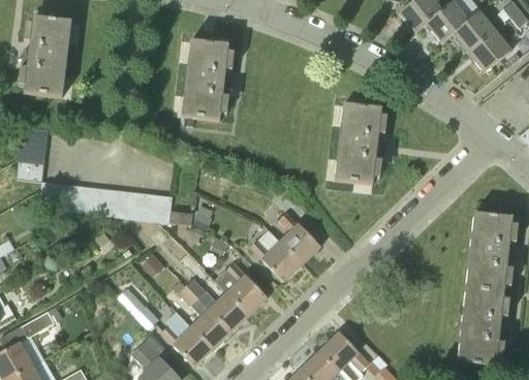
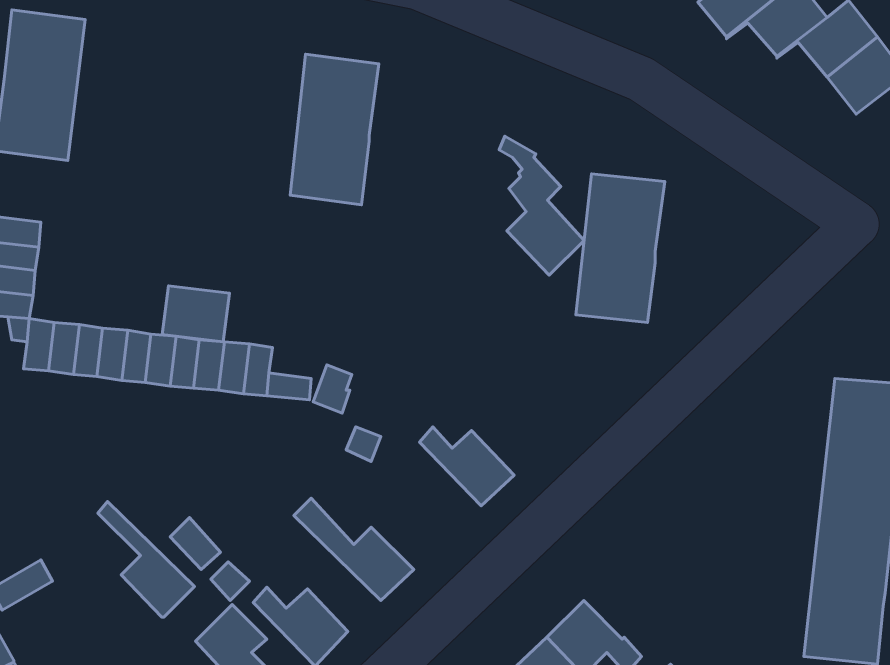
building: none -> [162,286,230,342]
building: [275,190,320,264] -> [499,136,584,275]
building: [216,261,268,315] -> none
building: [179,286,230,348] -> [98,501,195,617]

